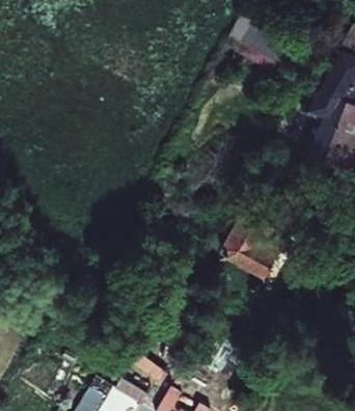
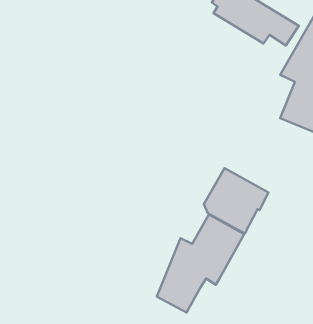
building: none -> [157,214,244,313]

